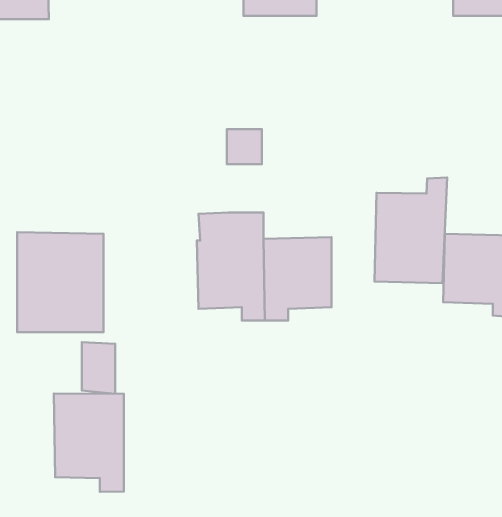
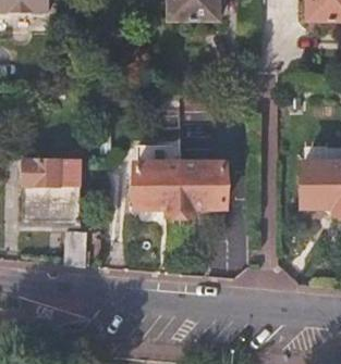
building: [374,177,447,283] -> none
building: [54,394,124,492] -> none

